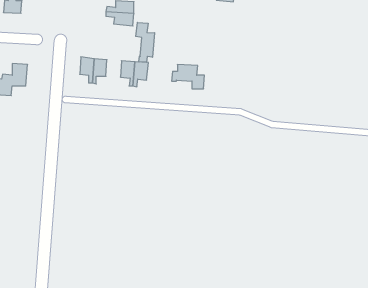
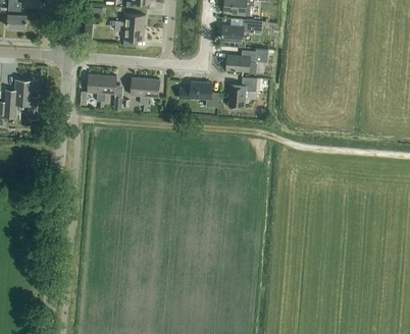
building: none -> [221,19,254,41]
building: [136,22,155,62] -> none
building: none -> [226,50,255,71]
building: none -> [228,77,257,107]

